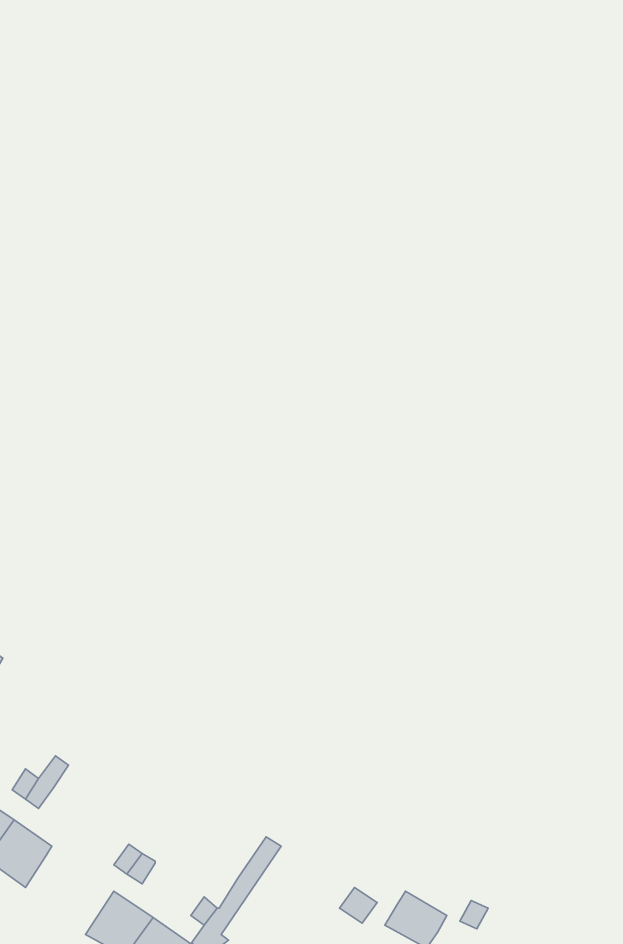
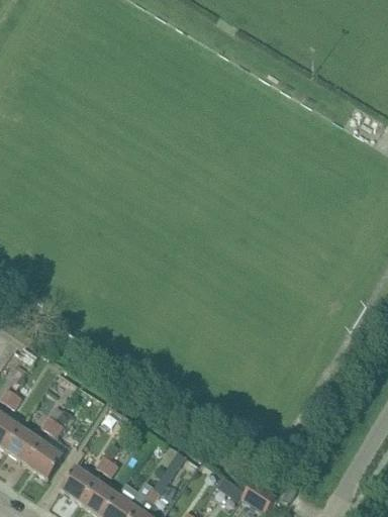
building: none -> [61,466,96,503]

